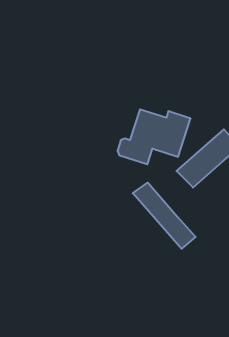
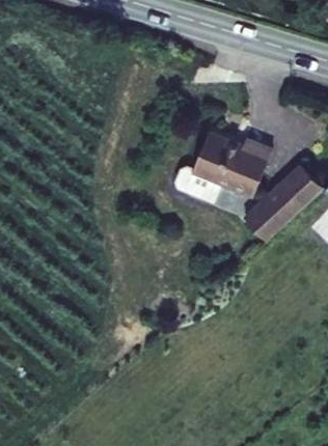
building: [133,183,196,249] -> none

